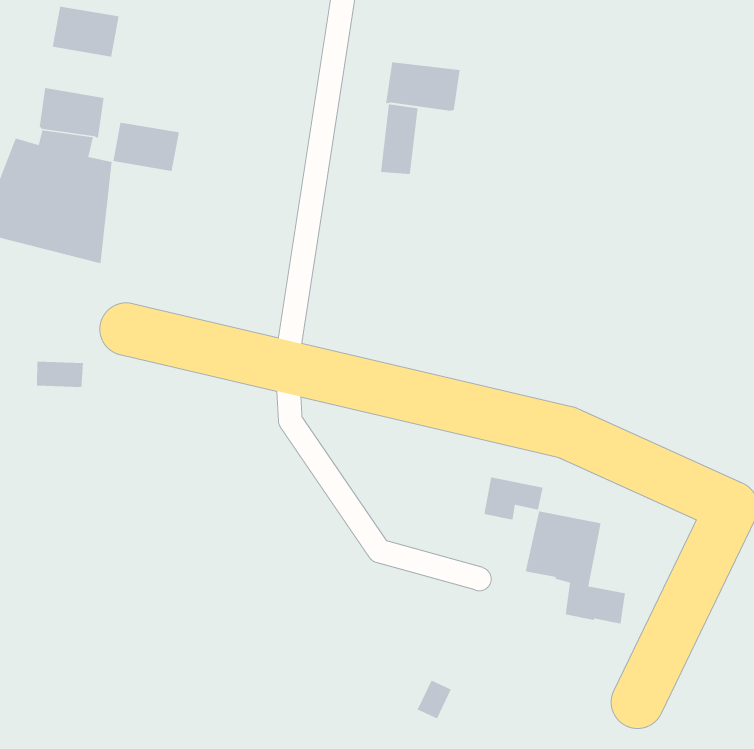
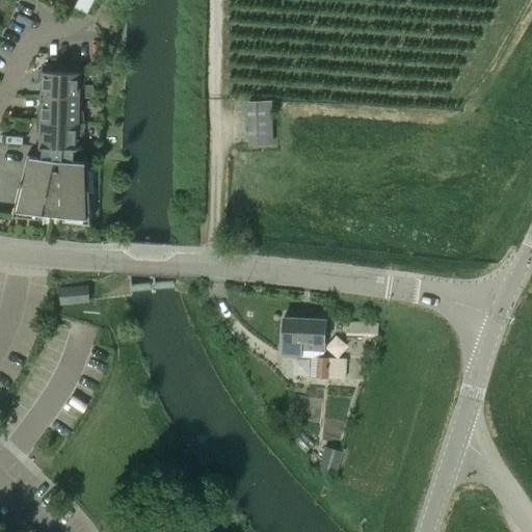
building: [385,61,460,112] -> none
building: [112,122,180,172] -> [39,96,78,122]
building: [525,511,626,625] -> [282,315,345,377]

